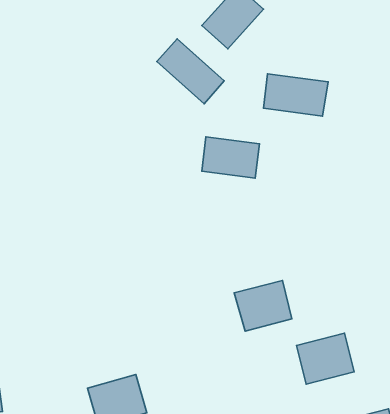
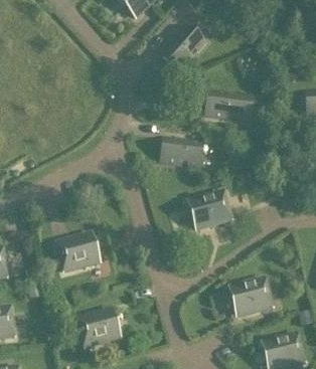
building: [157,39,224,104] -> none
building: none -> [56,232,99,270]
building: [234,280,292,331] -> [188,192,230,229]

